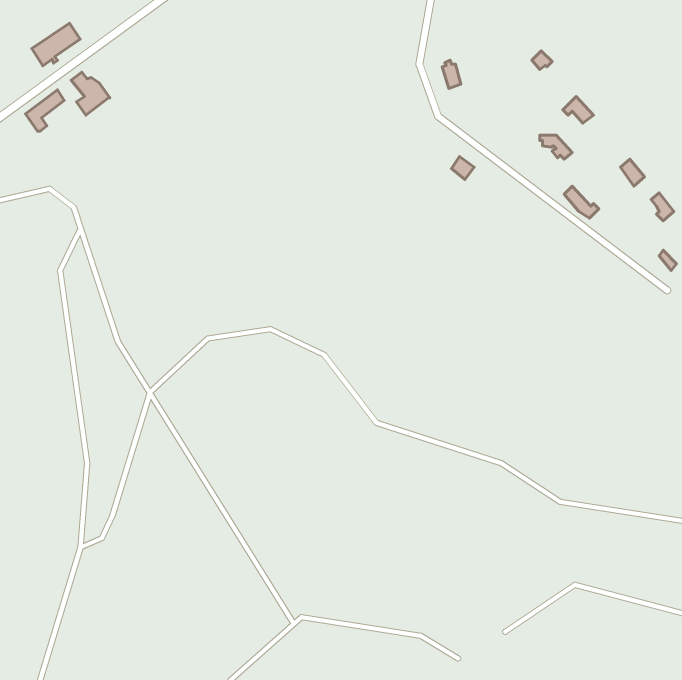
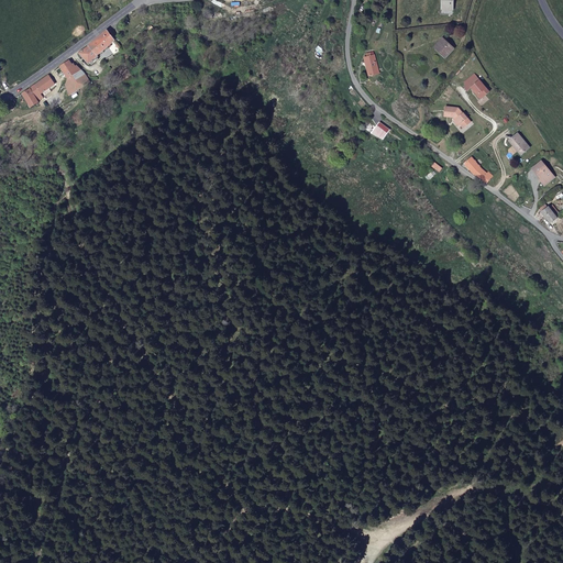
building: [32,23,80,66] -> [77,29,117,64]

